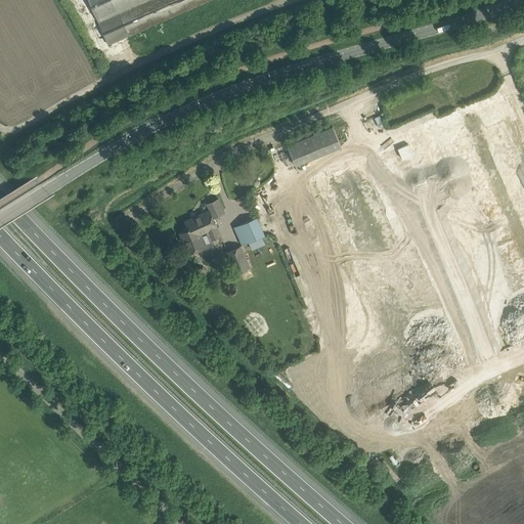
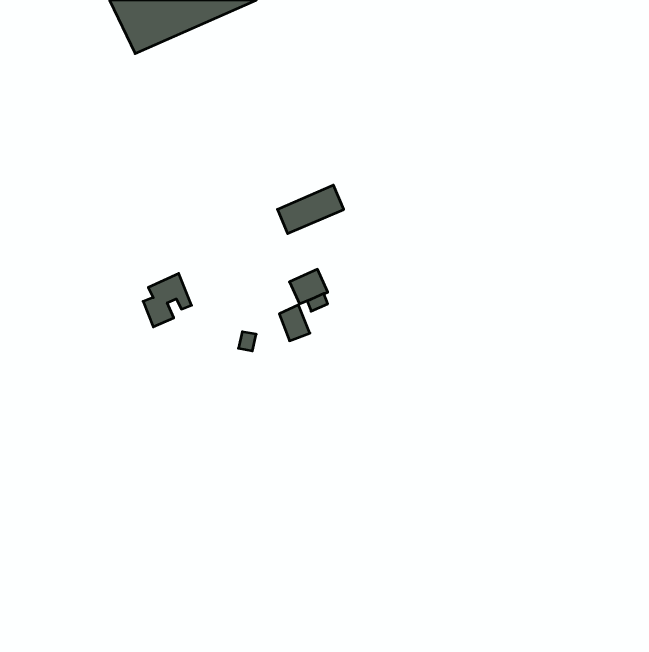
building: [286,126,339,165] -> [277,185,344,234]
building: [179,210,218,253] -> [143,273,192,327]

